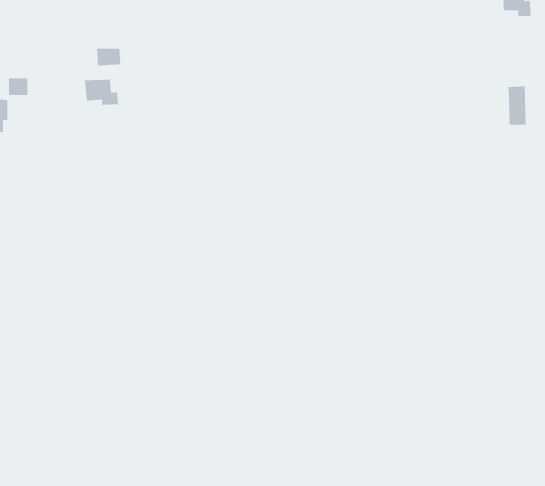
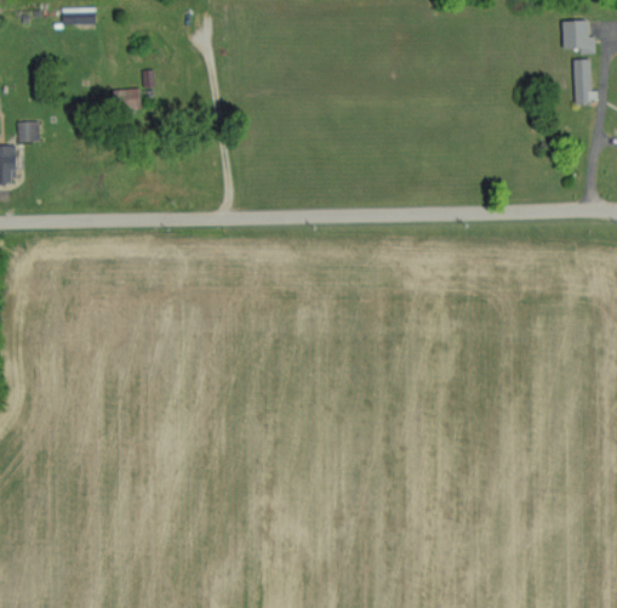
building: [85,79,119,105] -> none
building: [508,86,526,125] -> [572,59,593,103]

